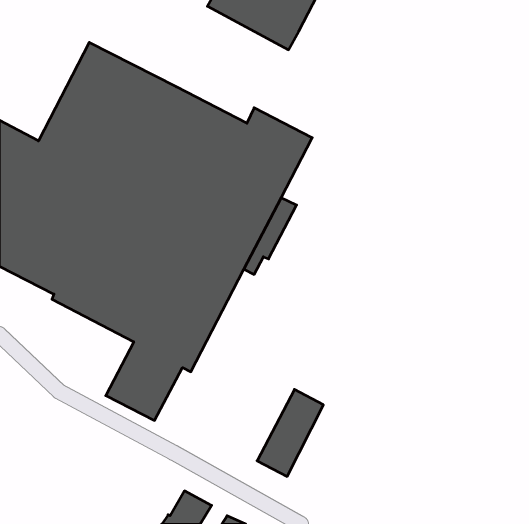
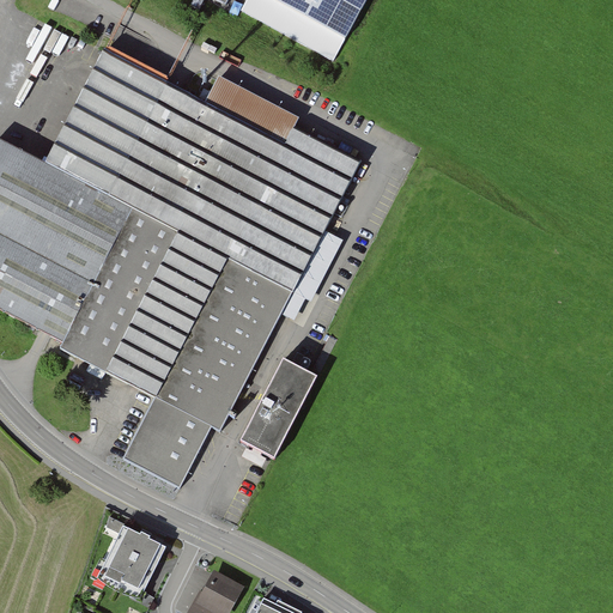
building: none -> [204,74,298,142]
building: [257,389,323,476] -> [239,360,316,461]
building: none -> [96,524,165,597]

